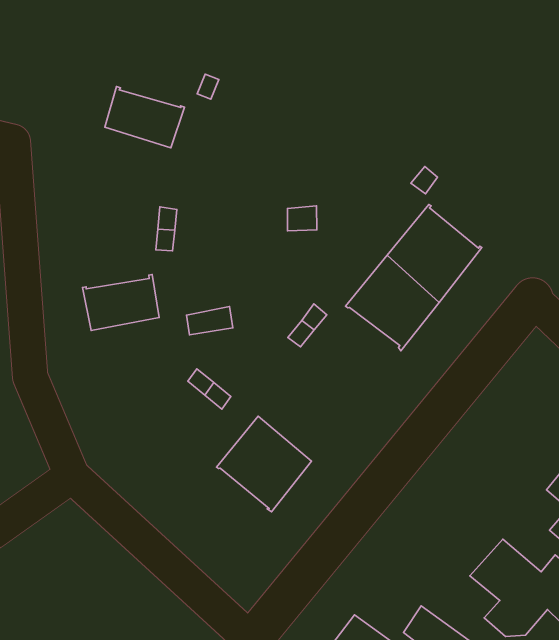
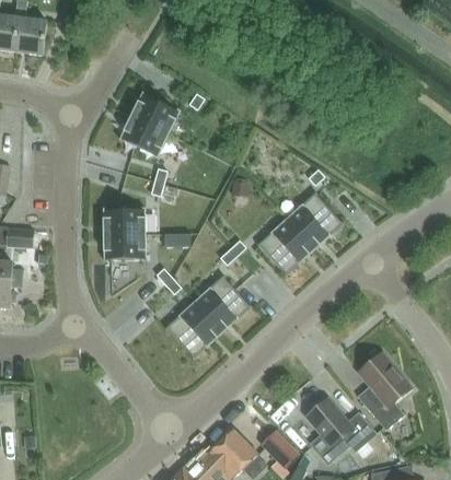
building: none -> [118,115,167,157]
building: none -> [103,233,144,260]
building: none -> [194,274,251,332]

